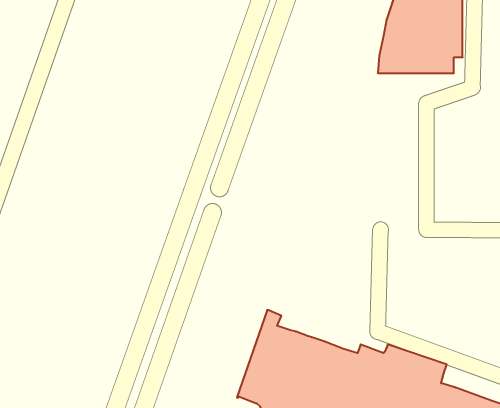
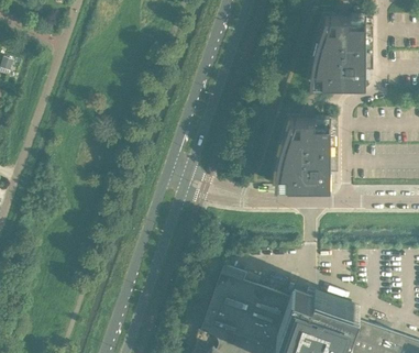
building: none -> [273,119,338,186]

